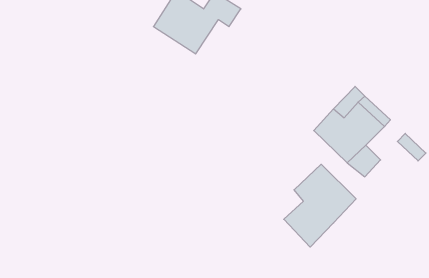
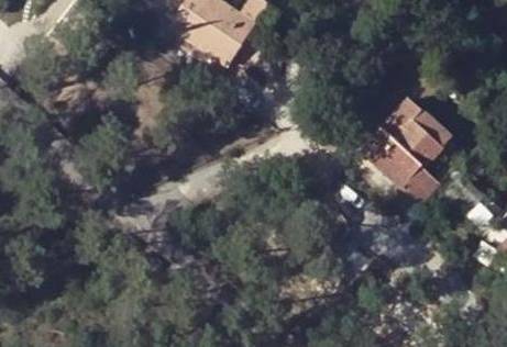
building: [284,164,356,247] -> none

